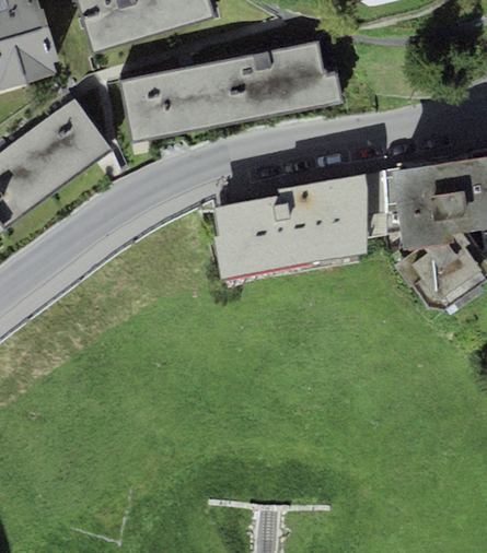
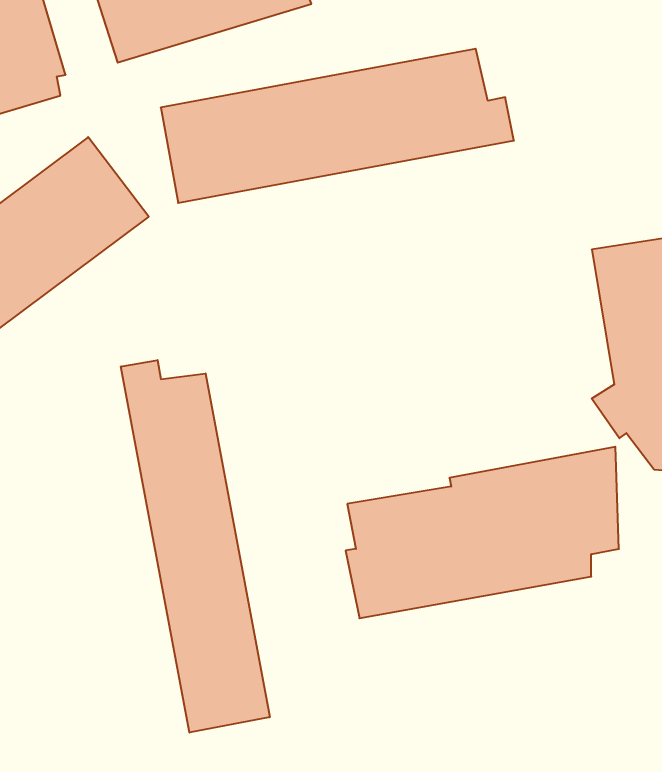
building: [212,169,385,278] -> [346,447,619,618]
building: none -> [121,360,270,733]

